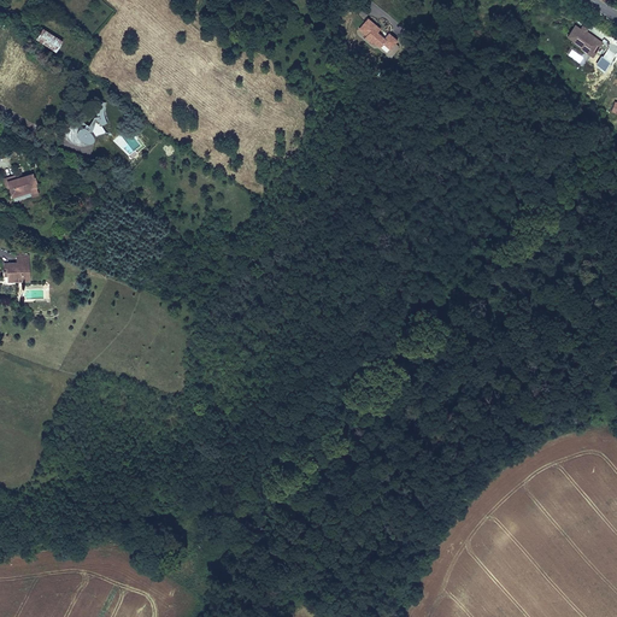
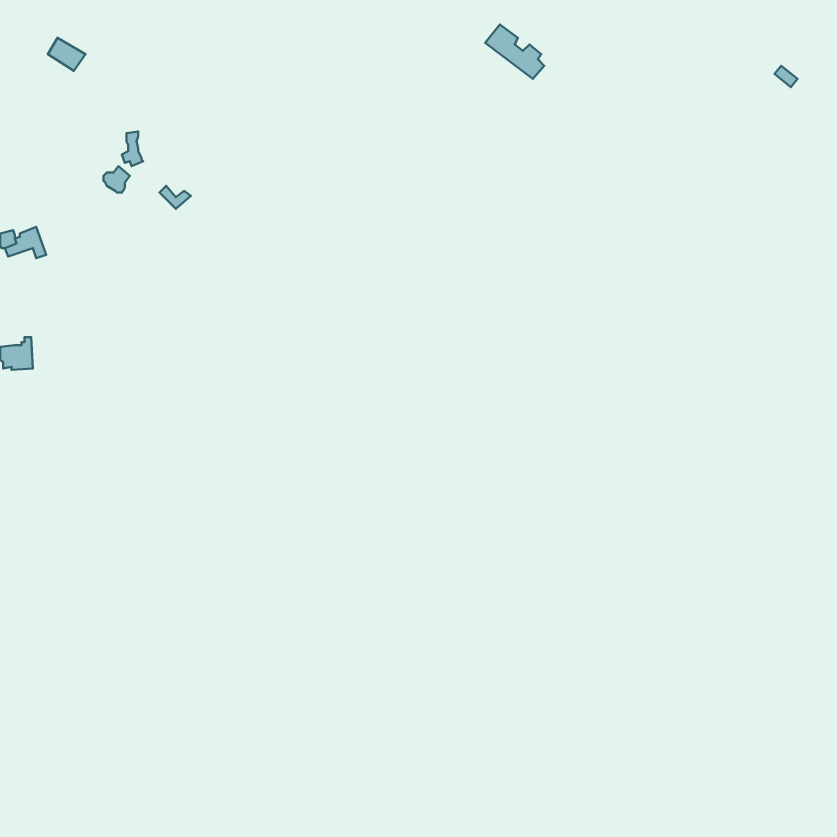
building: [566,27,605,59] -> none

